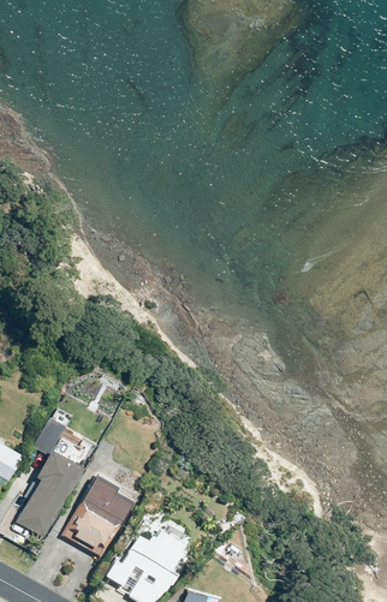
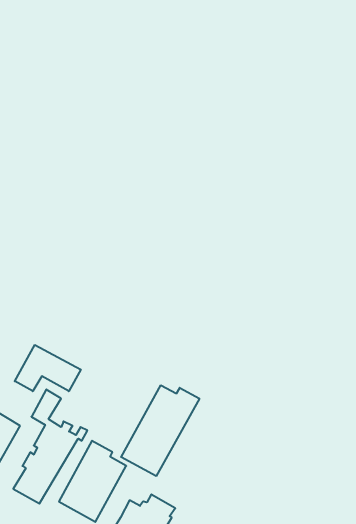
building: none -> [15,345,81,391]
building: none -> [121,385,199,476]

